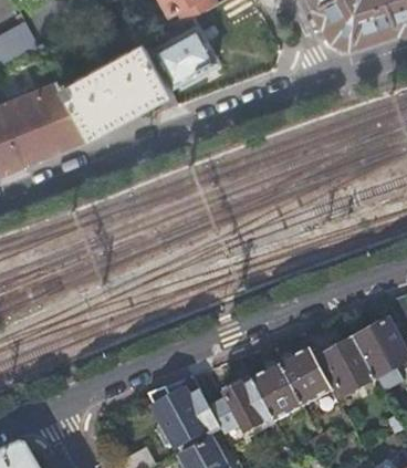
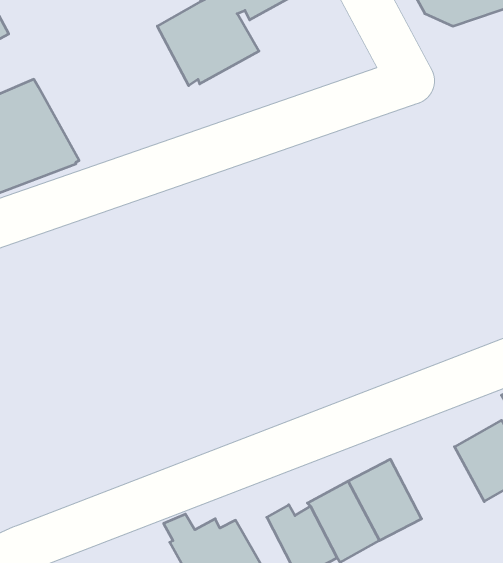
building: [61,40,173,137] -> none
building: [322,340,376,396] -> none

